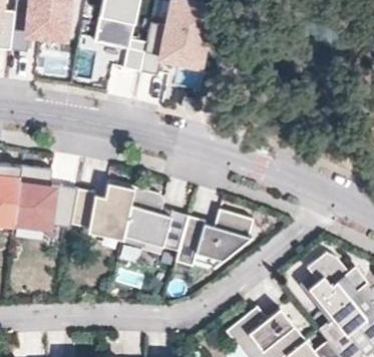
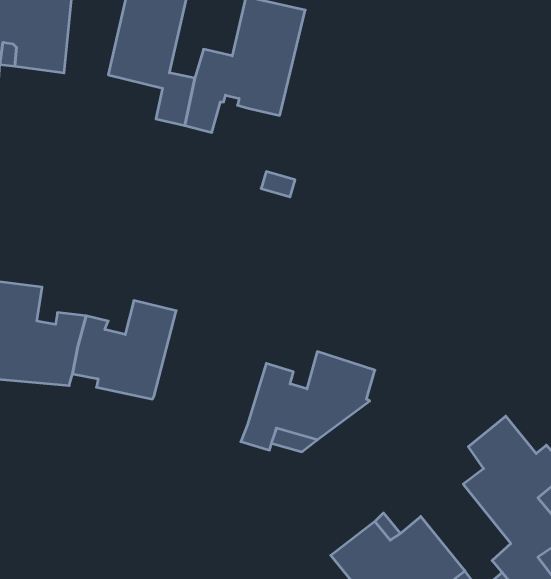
building: [122,185,189,255] -> none

